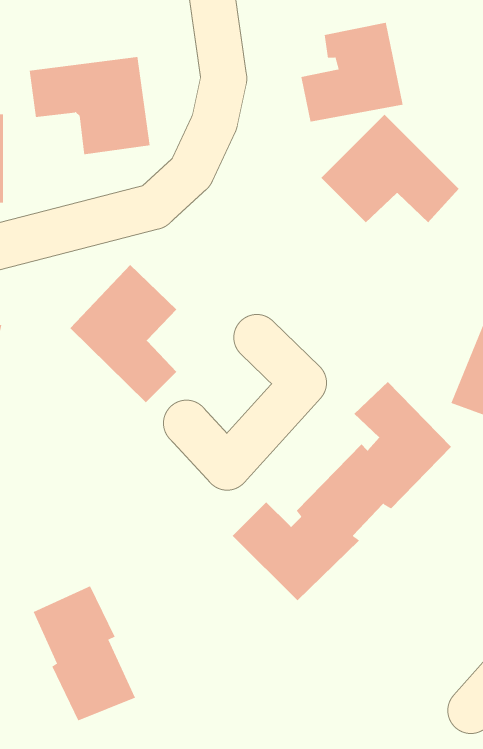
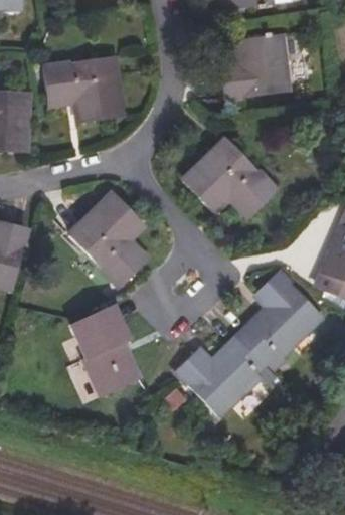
building: [321,114,460,223] -> [183,137,273,207]
building: [33,585,136,721] -> [72,304,139,391]

